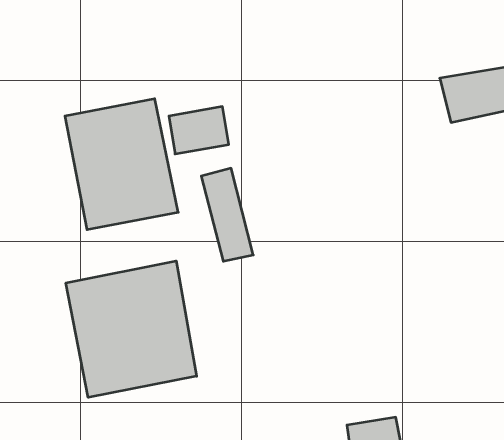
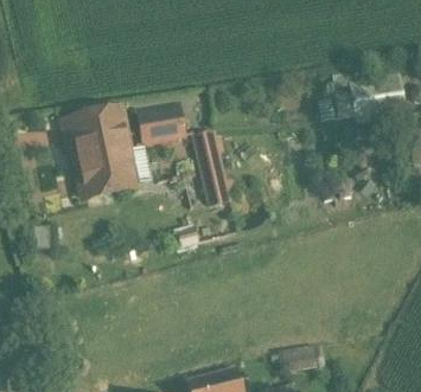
building: [201,168,253,261] -> [192,133,231,203]
building: [66,261,197,397] -> none

